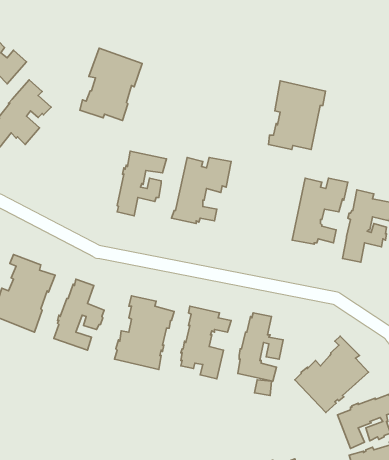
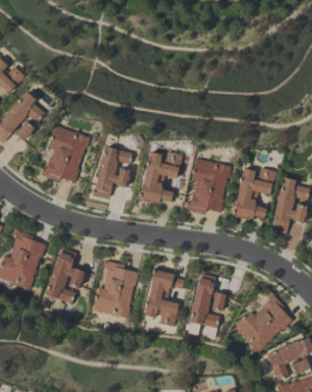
building: [80,48,142,121] -> [42,126,90,183]
building: [268,81,325,150] -> [187,159,232,213]

